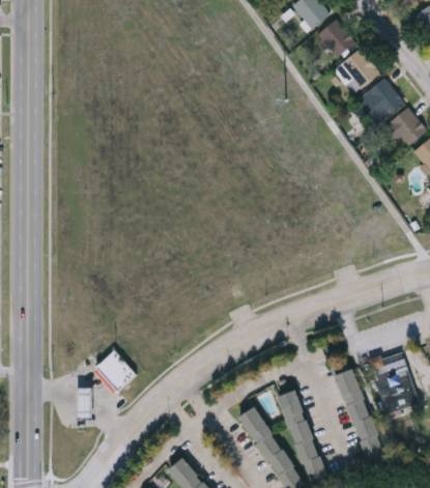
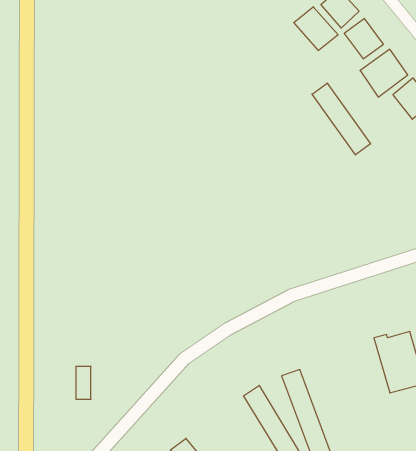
building: none -> [294,7,338,51]
building: none -> [312,83,371,155]
building: [91,350,136,396] -> none
building: [337,369,383,461] -> none

